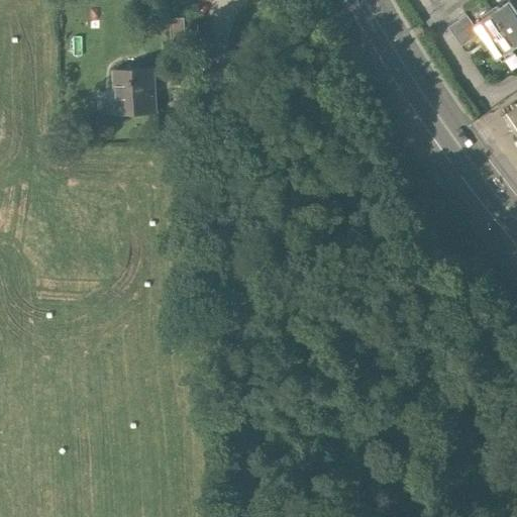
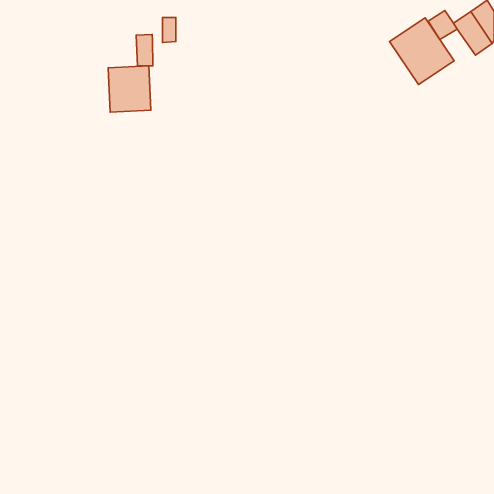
building: none -> [390,18,454,84]
building: none -> [136,34,153,66]

